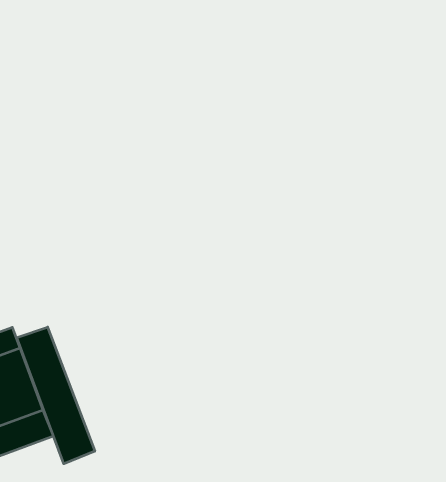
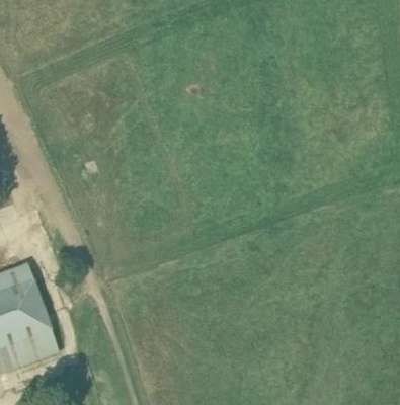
building: [17,327,95,464] -> none

